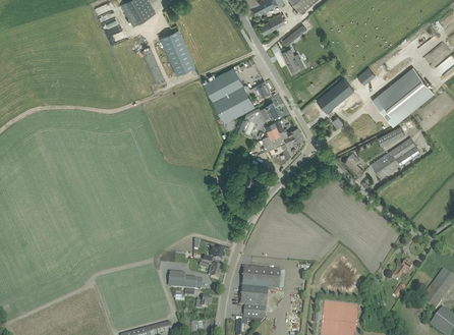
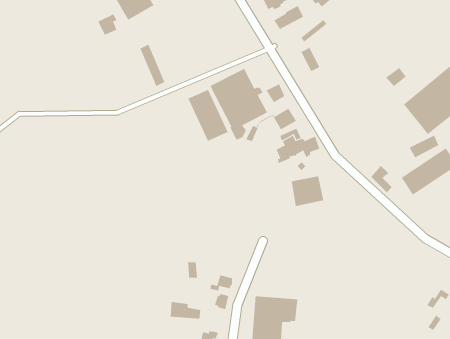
building: [159,29,194,74] -> [188,89,228,141]
building: [318,87,355,126] -> none
building: none -> [291,176,324,207]

